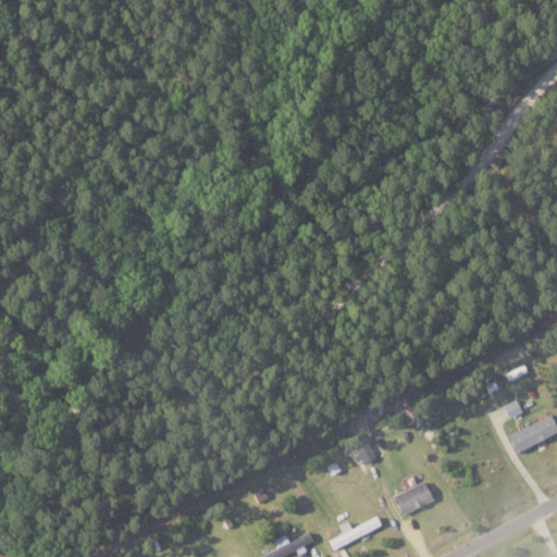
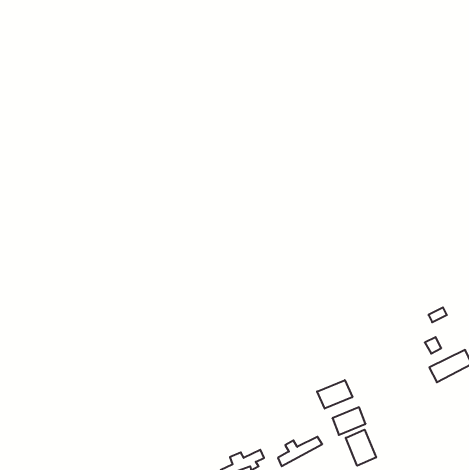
building: none -> [317,380,352,409]
building: none -> [346,430,376,466]

